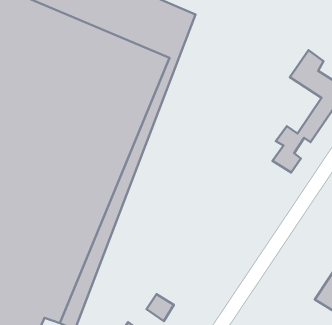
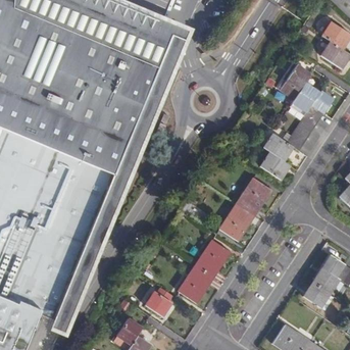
building: none -> [219,178,270,240]
building: none -> [177,240,230,303]

